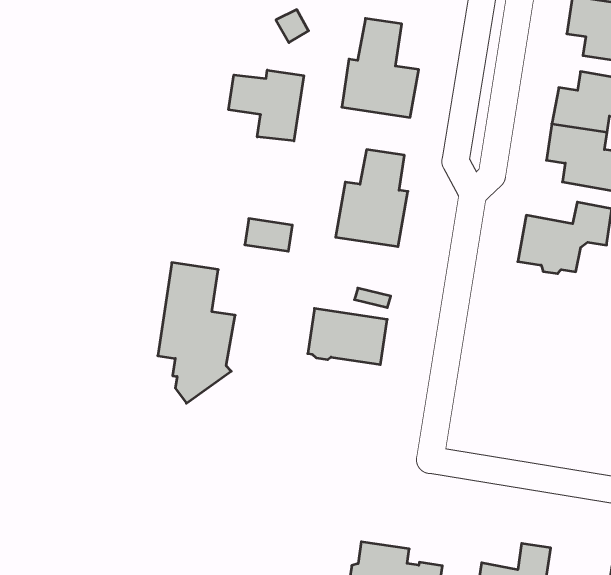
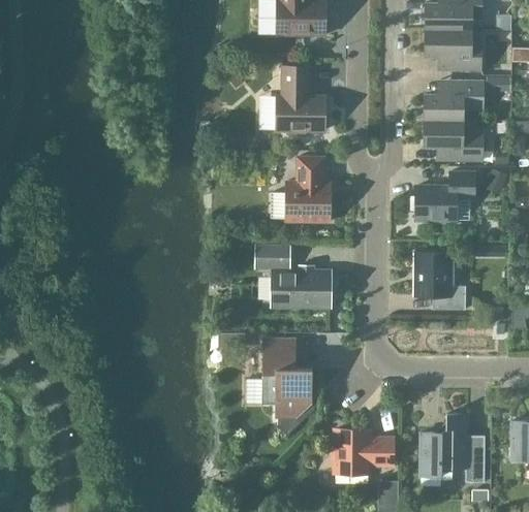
building: [229,70,304,141] -> none
building: [245,219,292,251] -> [257,248,288,266]
building: [158,263,235,403] -> [262,339,315,435]
building: none -> [414,253,466,309]

